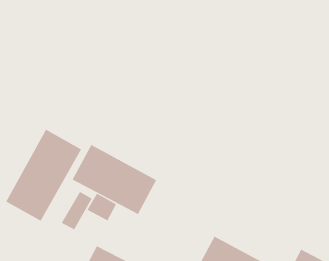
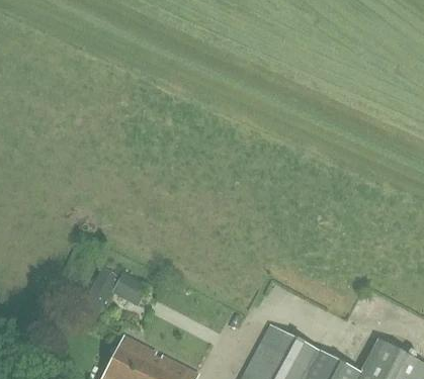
building: [5,129,82,221] -> none
building: [72,144,157,215] -> none

